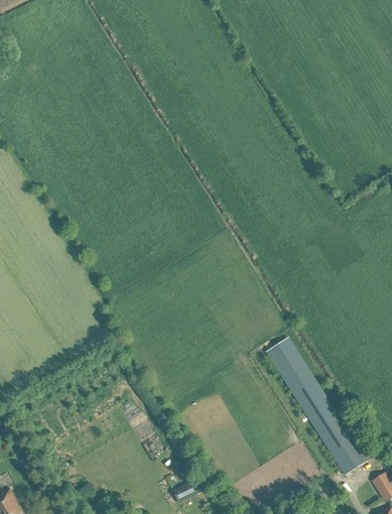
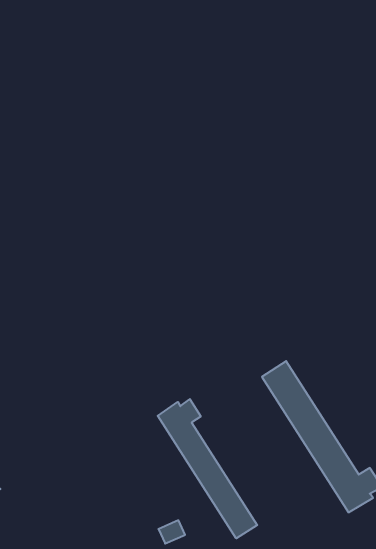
building: none -> [158,399,257,538]

